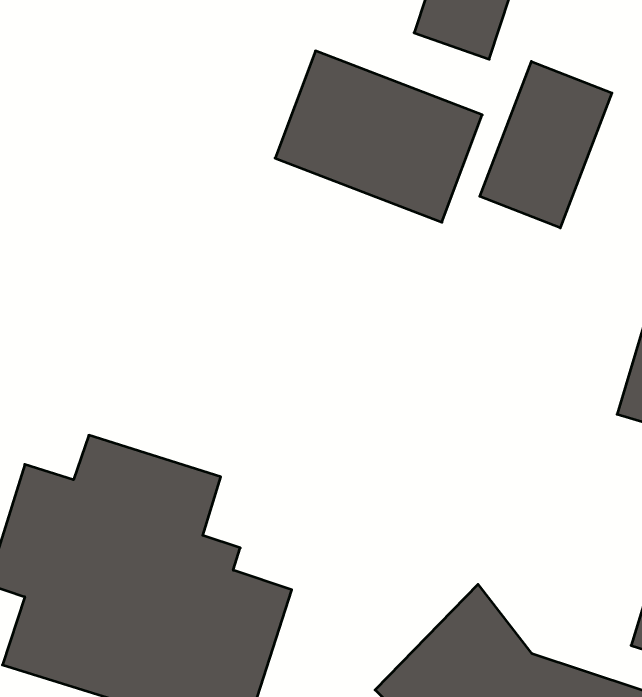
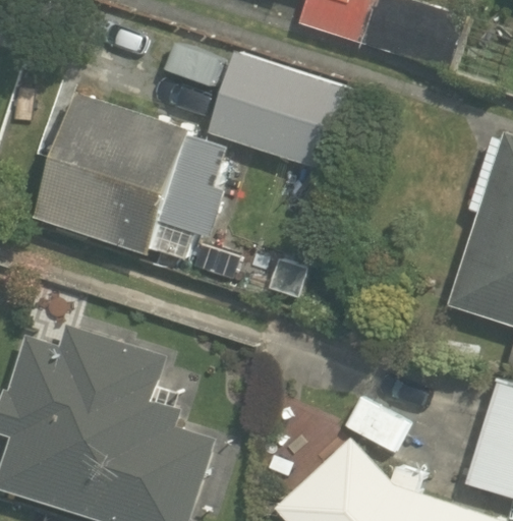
building: [480,61,612,228] -> none
building: none -> [36,90,189,255]

